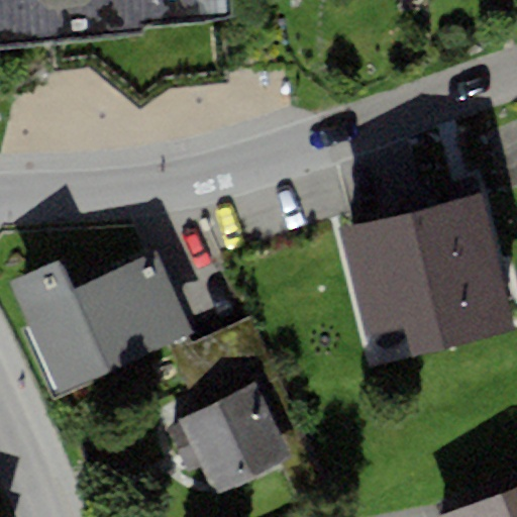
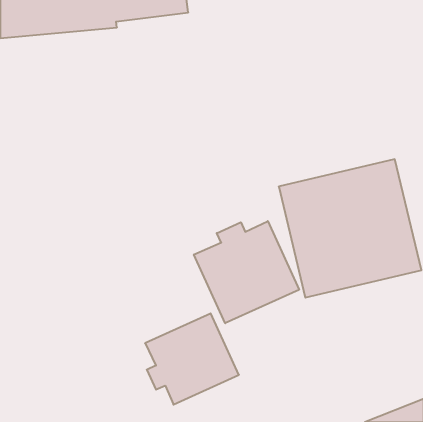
building: [10,249,195,392] -> none
building: none -> [194,221,299,323]

